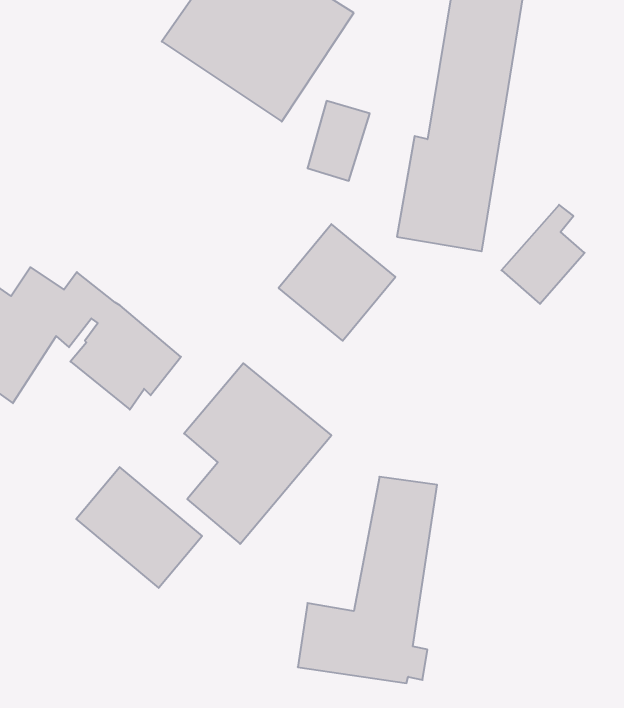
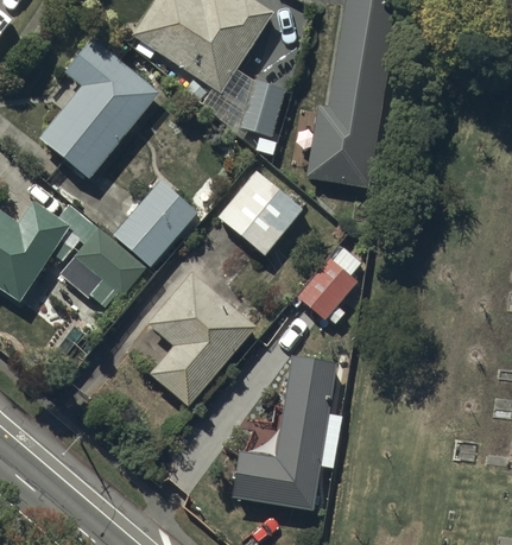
building: none -> [39,38,158,178]
building: [501,205,585,304] -> [296,245,358,318]
building: none -> [113,180,198,267]
building: [76,467,202,588] -> none

